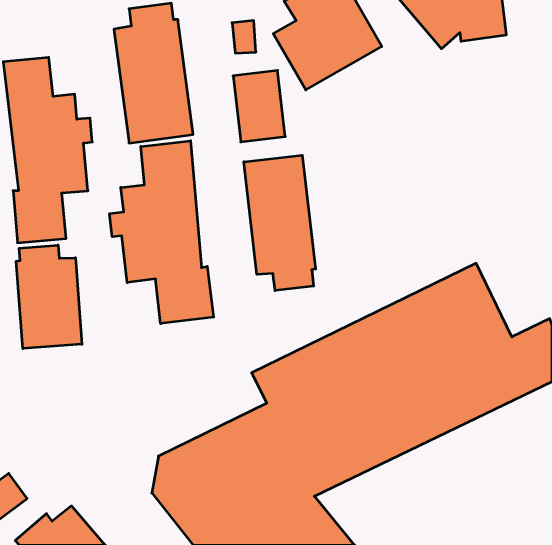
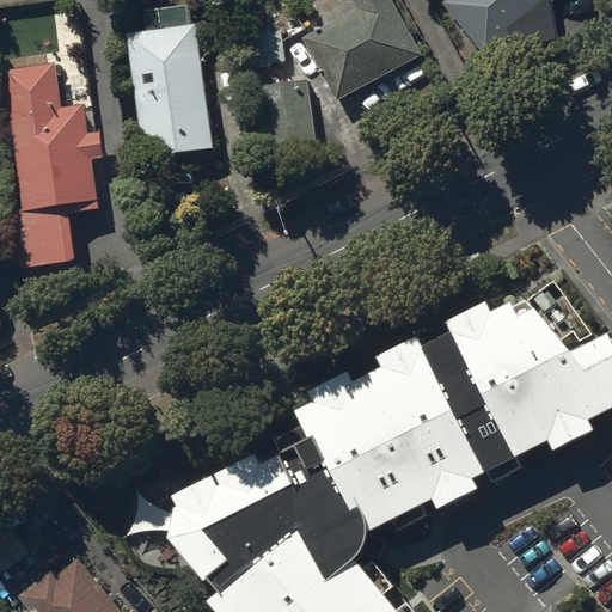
building: [110,141,214,324] -> none
building: [244,155,316,291] -> none
building: [16,245,82,349] -> none

